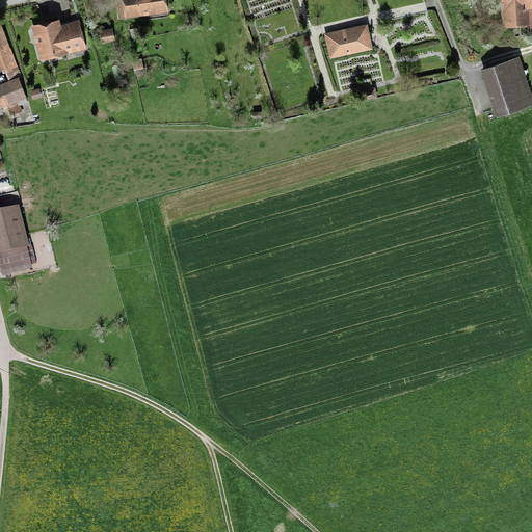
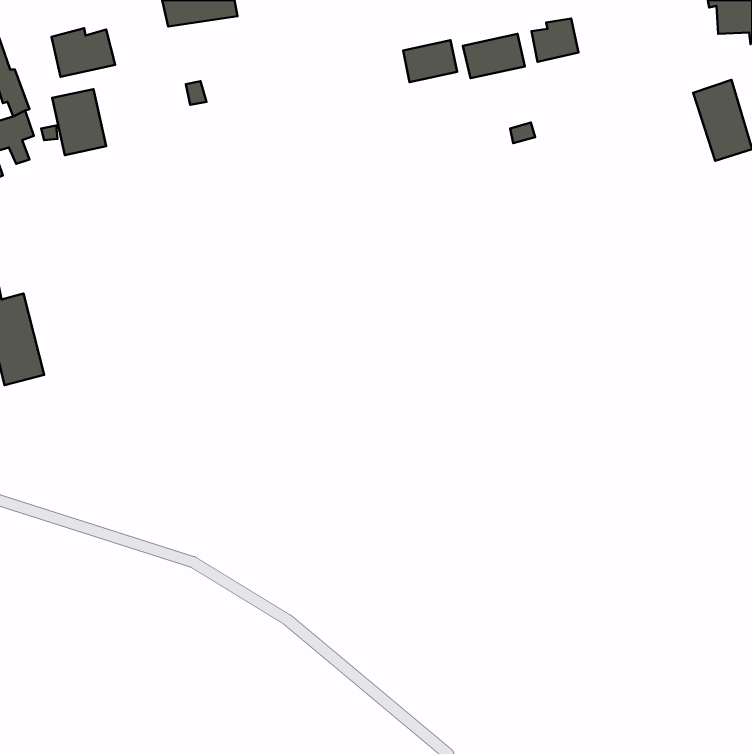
building: none -> [532,19,578,62]
building: none -> [403,40,457,82]
building: none -> [52,89,106,155]

